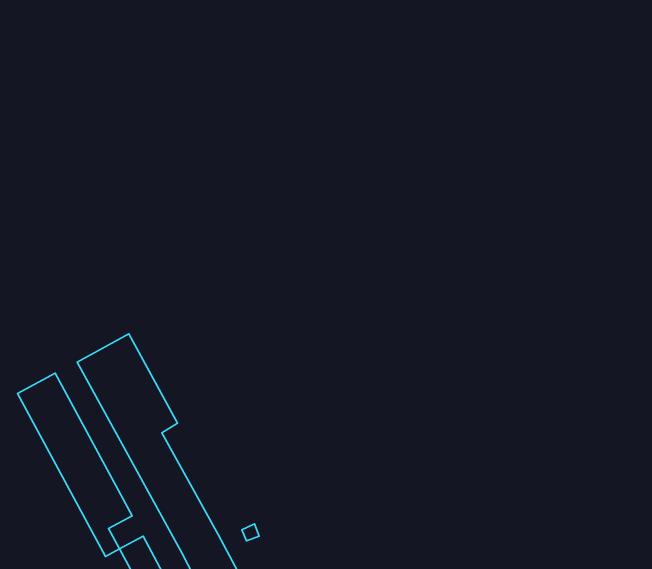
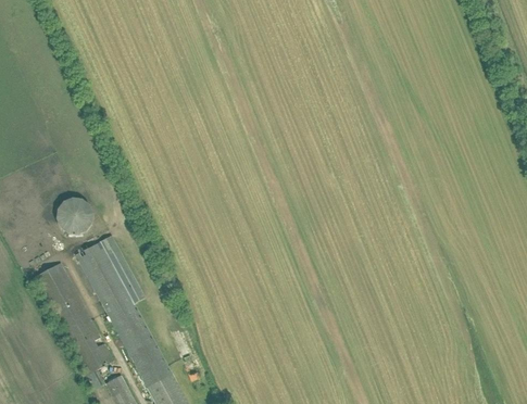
building: none -> [55,195,93,233]

